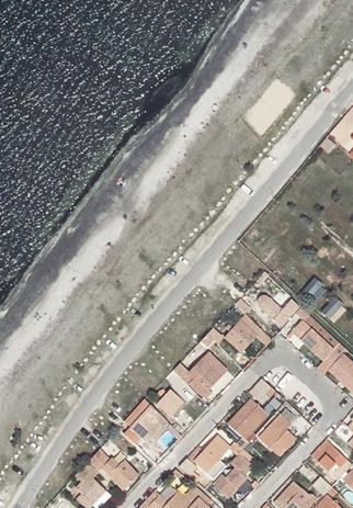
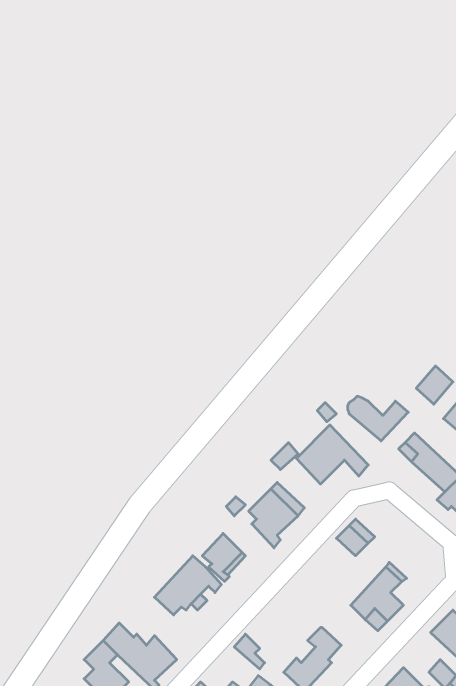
building: [227,398,265,449] -> none
building: [193,434,230,478] -> none

